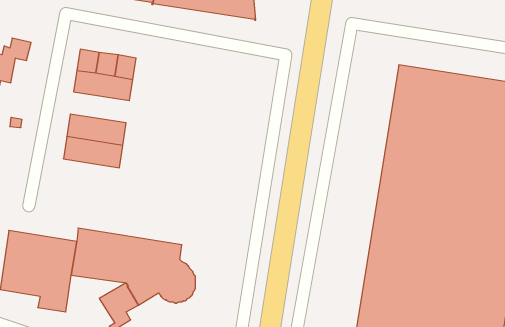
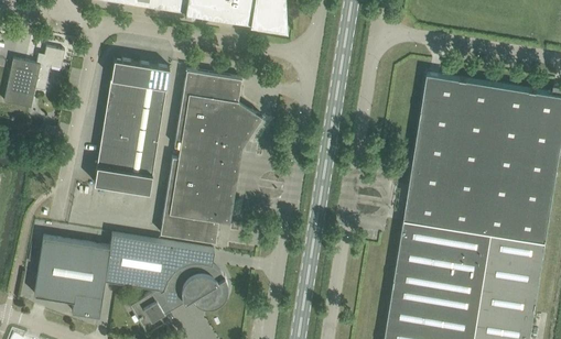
building: none -> [160,69,261,241]
building: none -> [104,99,162,130]
building: none -> [94,165,152,192]

